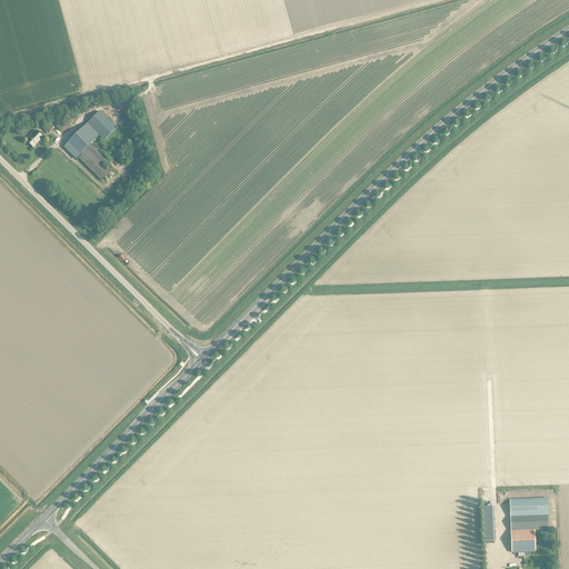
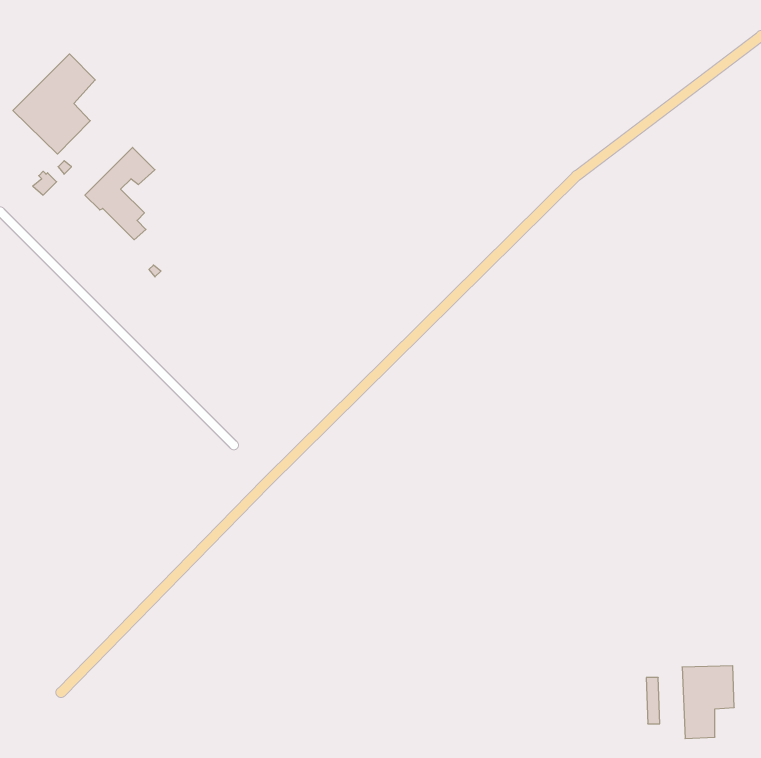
building: none -> [13,54,95,154]

